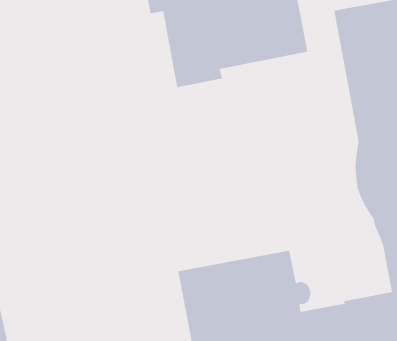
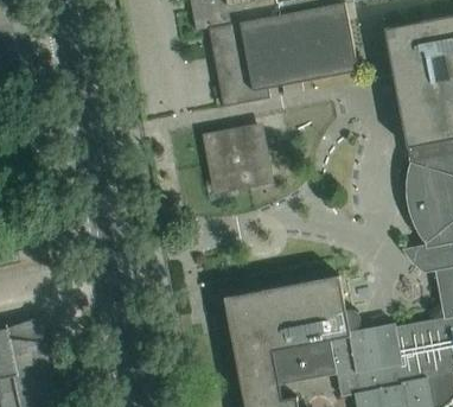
building: none -> [208,127,268,189]

